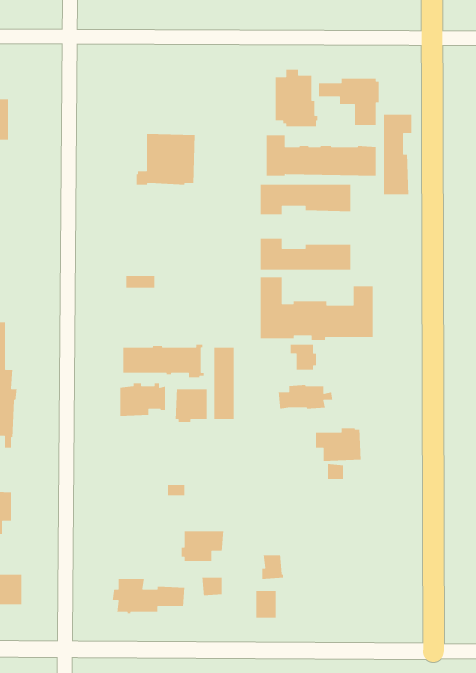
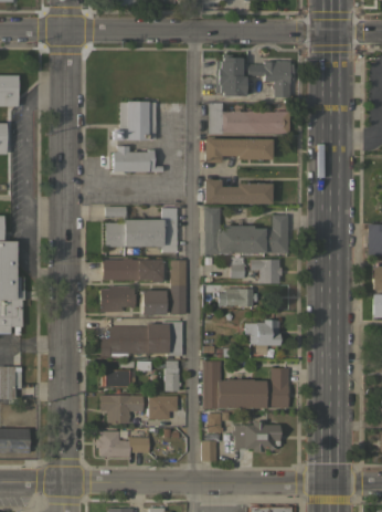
building: [383,114,412,195] -> none
building: none -> [113,146,162,173]
building: none -> [105,208,178,253]
building: none -> [251,259,282,283]
building: none -> [100,322,182,357]
building: none -> [165,361,181,391]
building: none -> [202,361,288,409]
building: none -> [105,369,135,387]
building: none -> [99,395,142,424]
building: none -> [232,421,279,451]

